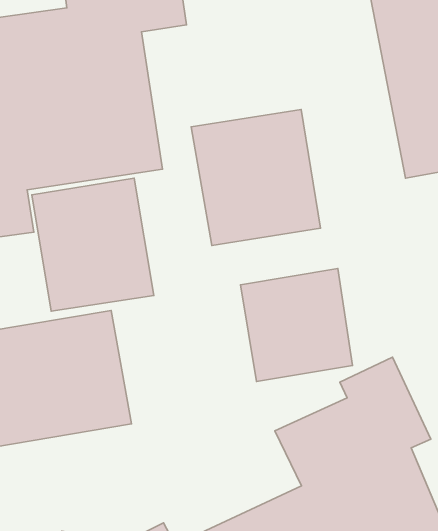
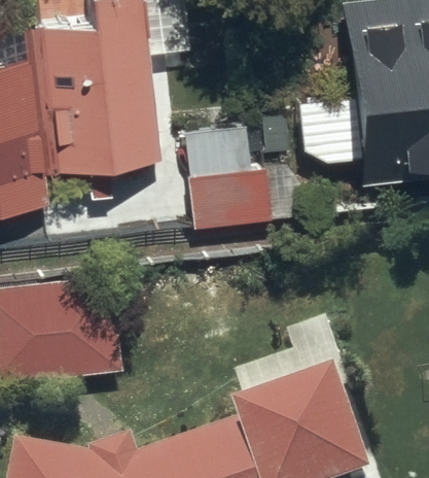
building: [32,178,154,311] -> none
building: [241,269,353,382] -> none

